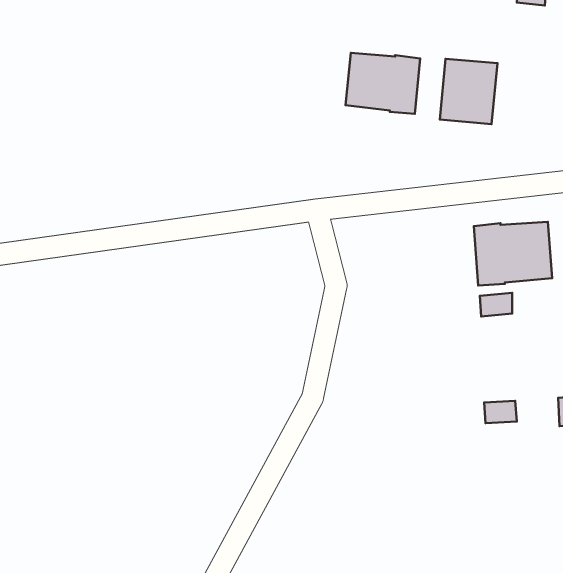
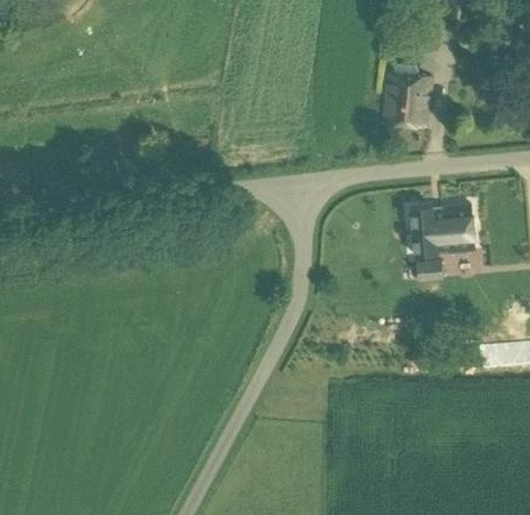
building: [346,53,420,114] -> none

